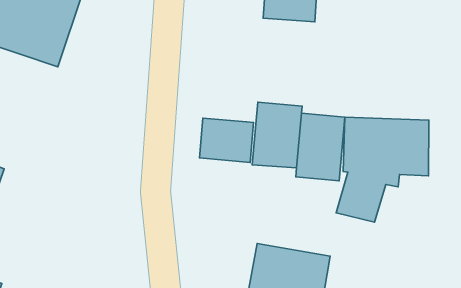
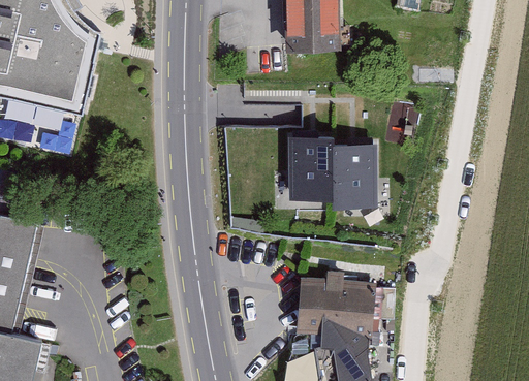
building: [336,117,429,222] -> none
building: [199,118,254,162] -> none

